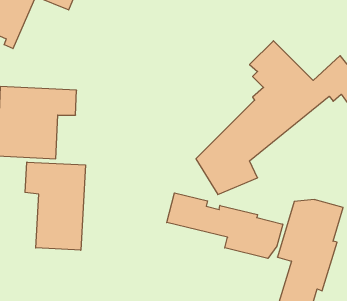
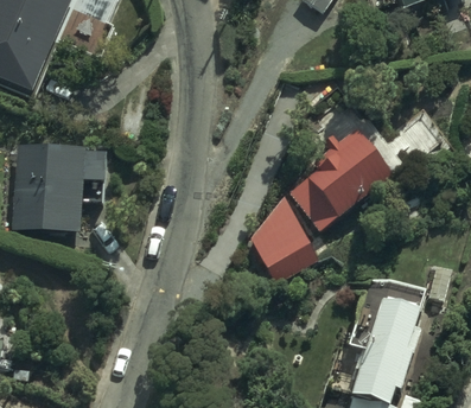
building: [25,162,85,250] -> none
building: [167,193,283,258] -> none

